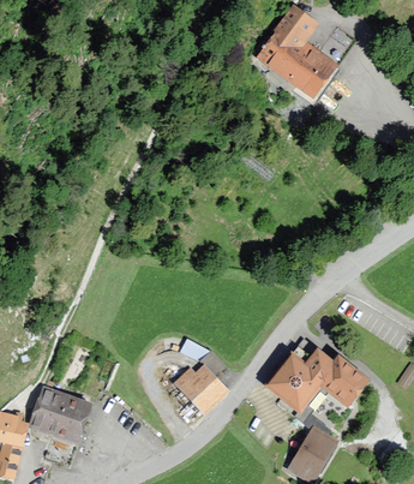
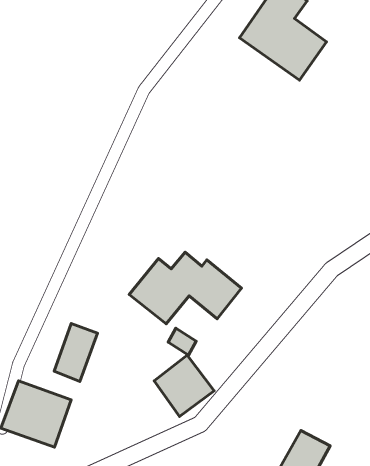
building: none -> [54,324,98,381]
building: [262,347,367,414] -> [129,252,241,324]

